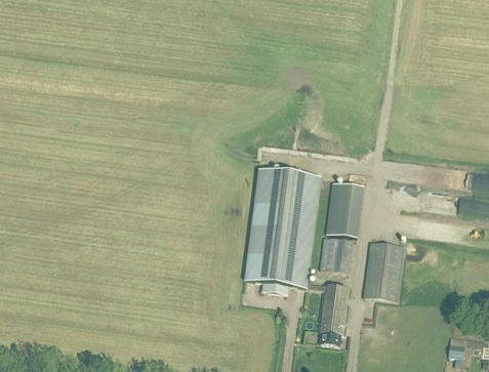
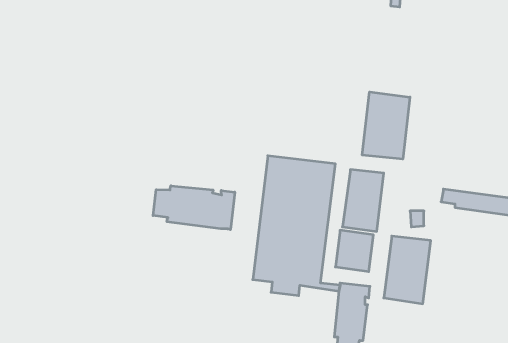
building: none -> [362,92,410,159]
building: none -> [153,186,235,230]

